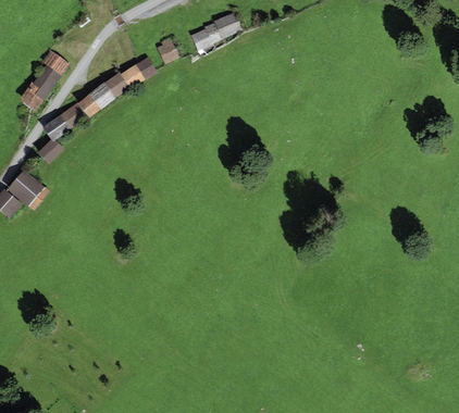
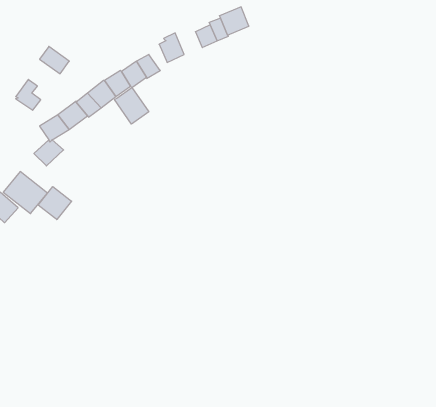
building: [33,64,62,100] -> none
building: none -> [115,87,149,124]
building: none -> [38,187,72,220]

